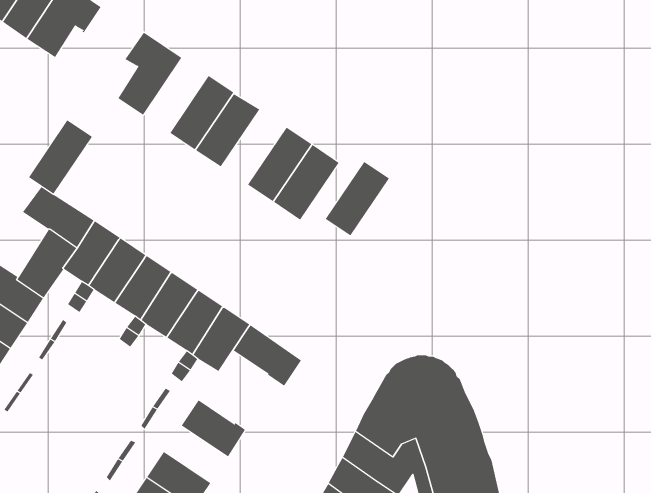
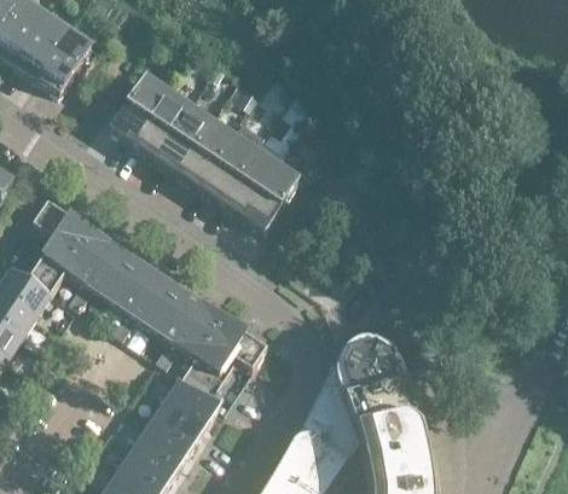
building: [28,119,93,194] -> [133,91,187,153]
building: [325,161,390,236] -> [198,134,253,197]
building: none -> [179,336,237,397]
building: none -> [150,399,204,447]

